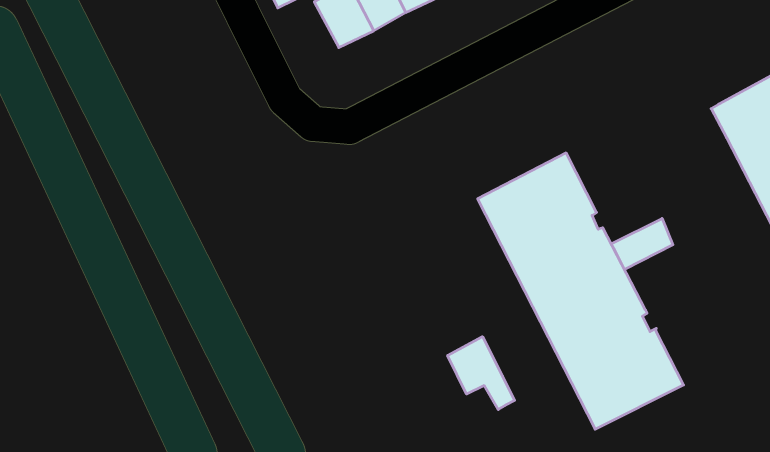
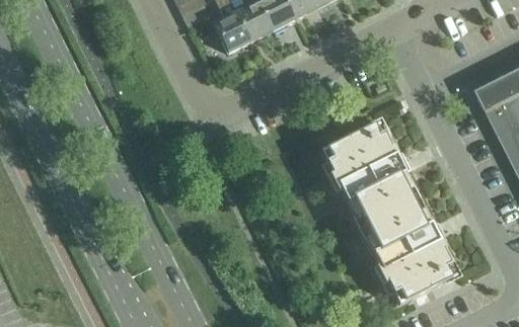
building: [611,218,673,269] -> none
building: [448,337,515,410] -> none

